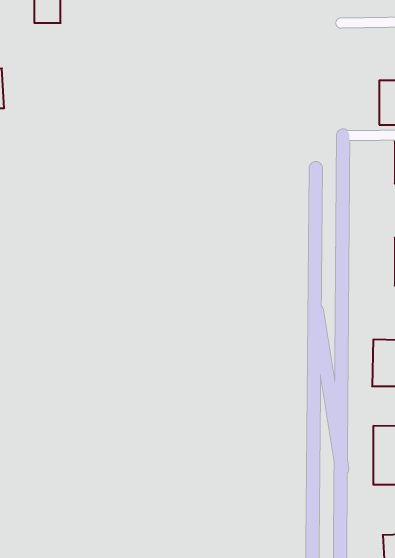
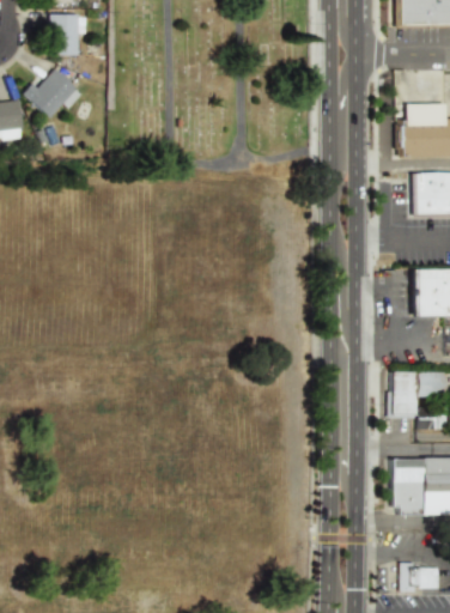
building: none -> [24,63,83,122]

